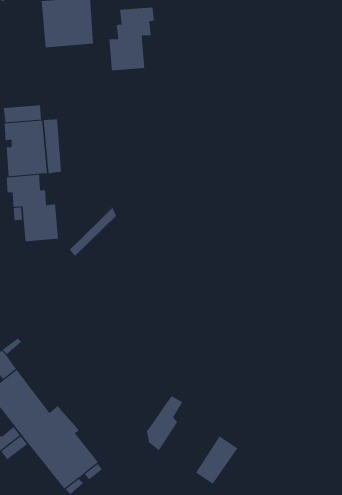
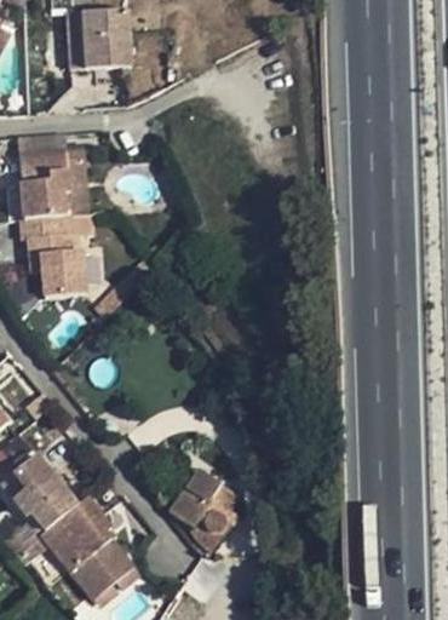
building: [109,7,155,71] -> none
building: none -> [63,214,107,295]
building: [195,435,238,484] -> [170,469,222,528]

